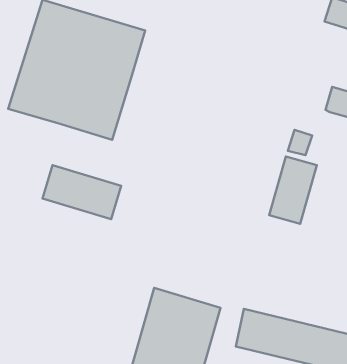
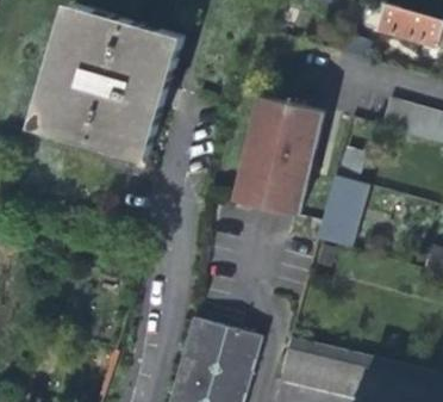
building: none -> [235,92,326,214]
building: [42,165,121,219] -> none

